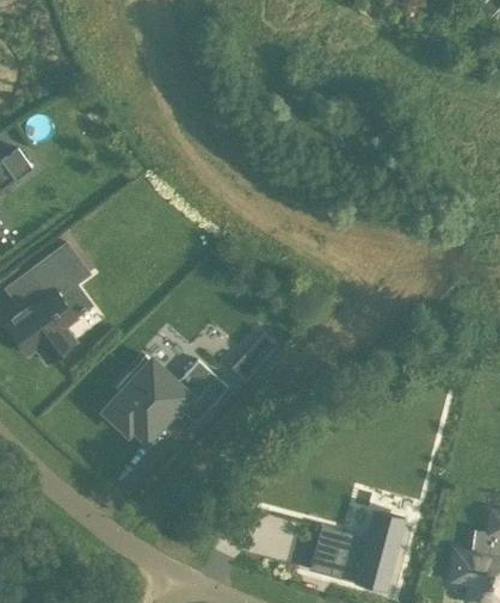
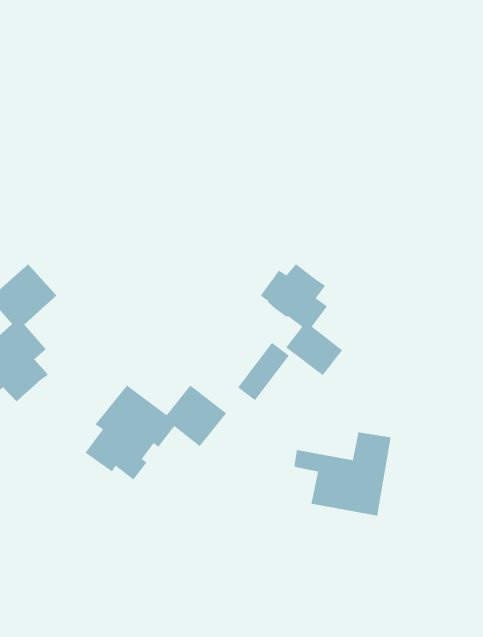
building: none -> [260,263,343,376]
building: [317,516,405,591] -> [293,431,391,516]

